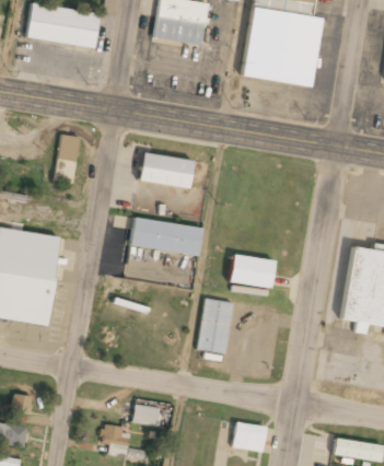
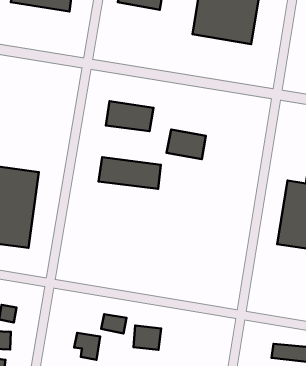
building: [56,135,80,183] -> none
building: [229,254,275,289] -> [167,129,206,159]
building: [198,299,234,354] -> none
building: [234,421,267,450] -> [133,326,161,350]

